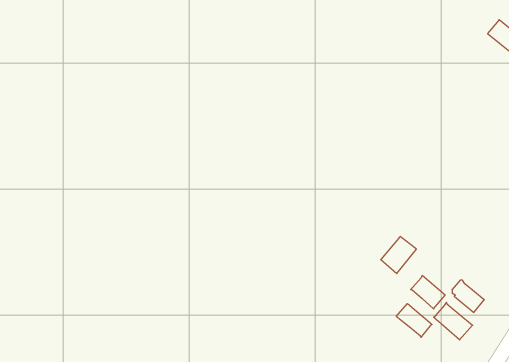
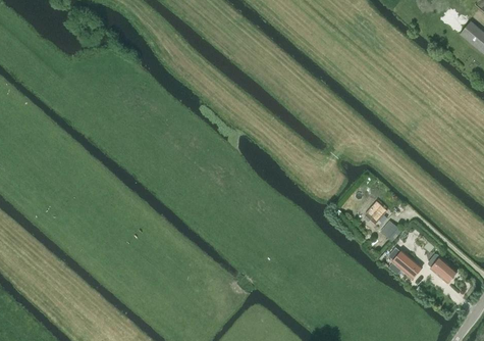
building: [434,302,473,340] -> none
building: [396,304,432,337] -> none

